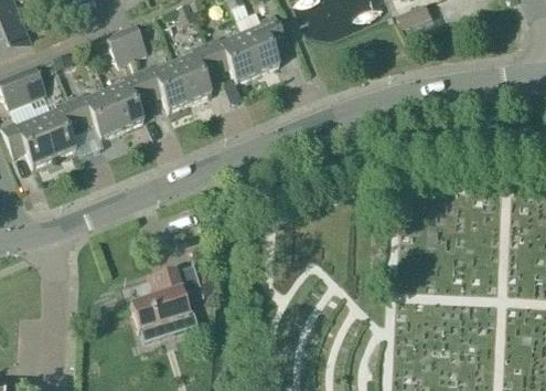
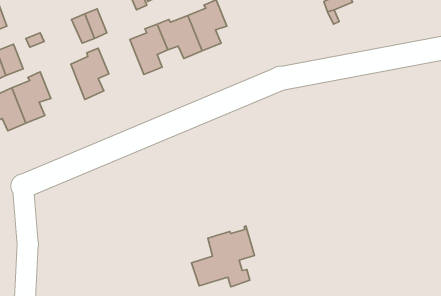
building: [137,60,190,109] -> none
building: [69,88,121,138] -> none
building: [130,262,203,332] -> [192,226,254,287]

